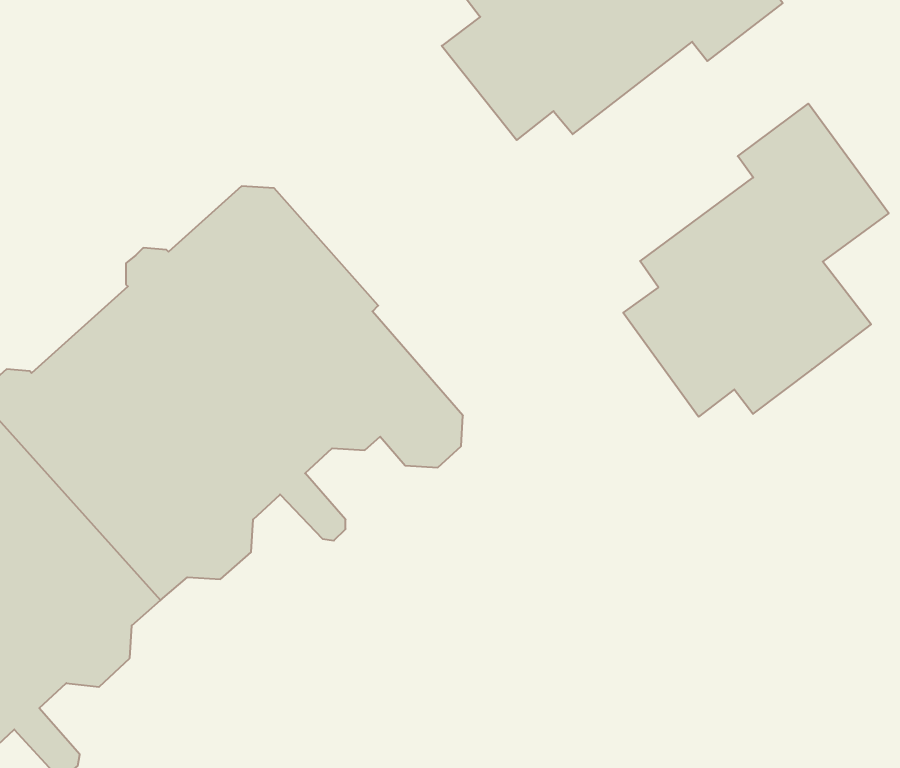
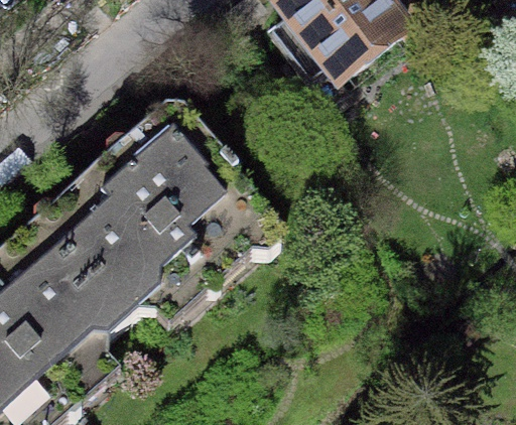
building: [623,104,889,417] -> none

